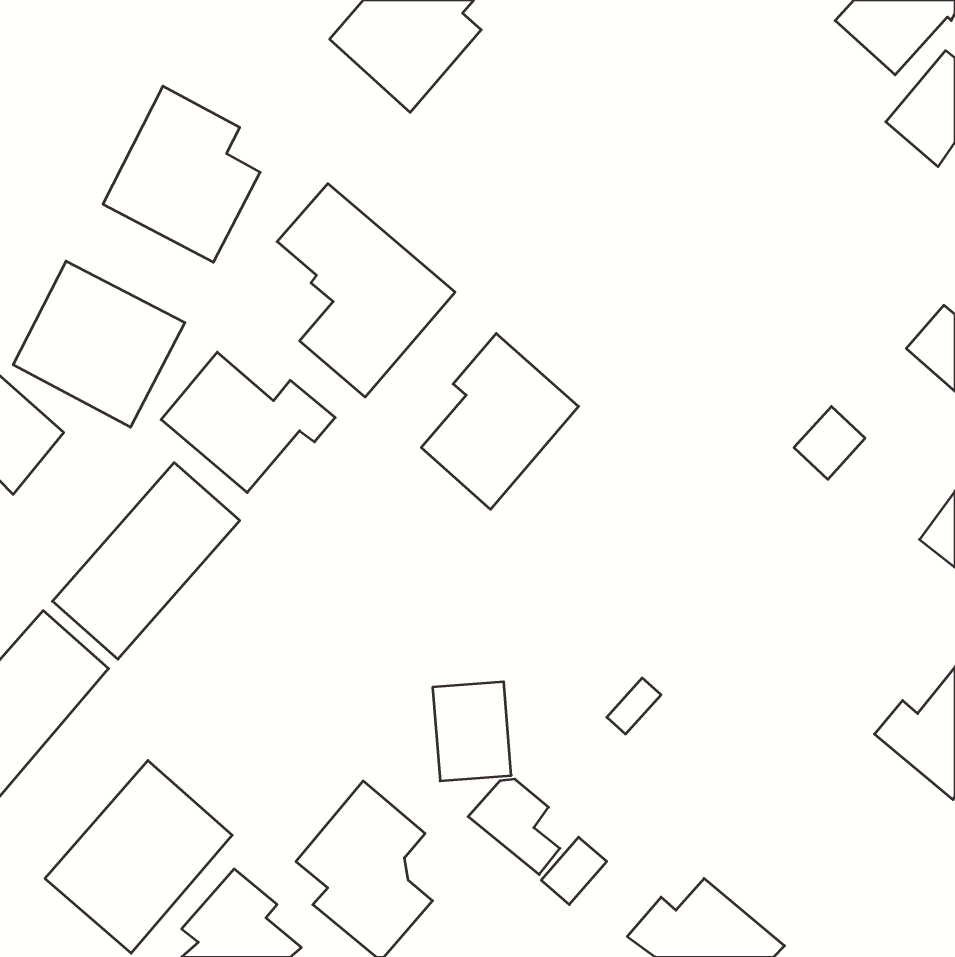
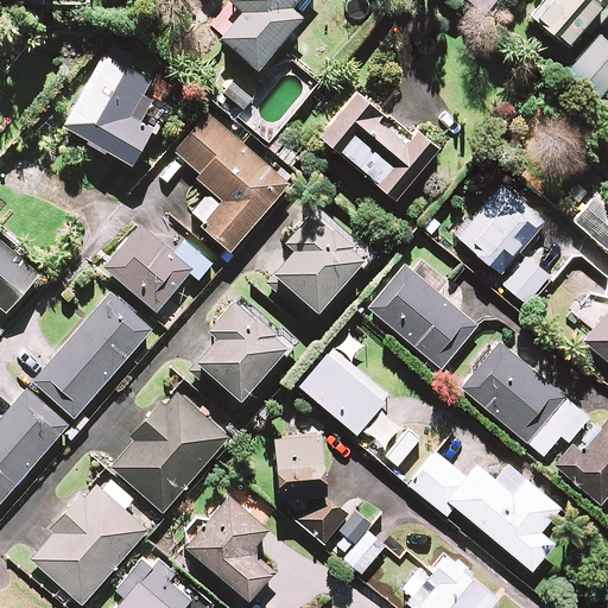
building: none -> [321,93,439,201]
building: [13,261,185,427] -> none
building: none -> [457,186,544,273]
building: none -> [369,266,477,368]
building: none -> [191,299,291,411]
building: none -> [300,331,397,443]
building: none -> [462,343,588,456]
building: none -> [109,390,228,512]
building: none -> [408,451,559,570]

